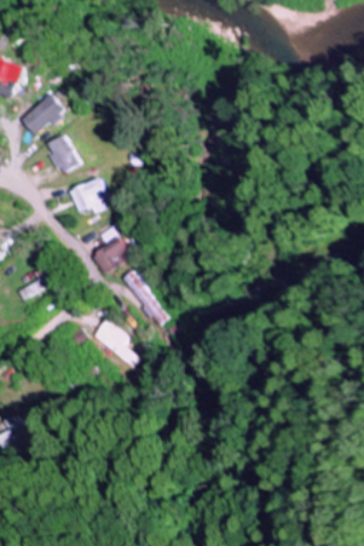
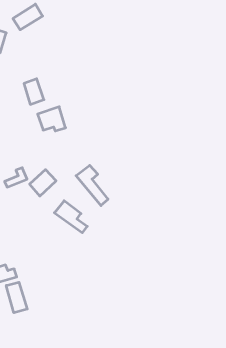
building: [21,96,65,134] -> [13,4,43,30]
building: [96,236,135,276] -> [30,170,56,196]
building: none -> [6,282,27,313]

